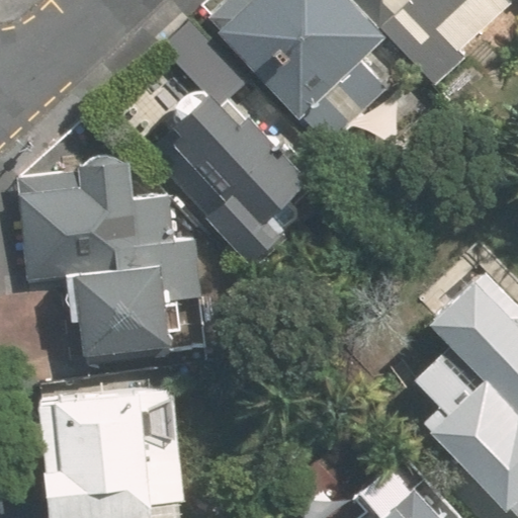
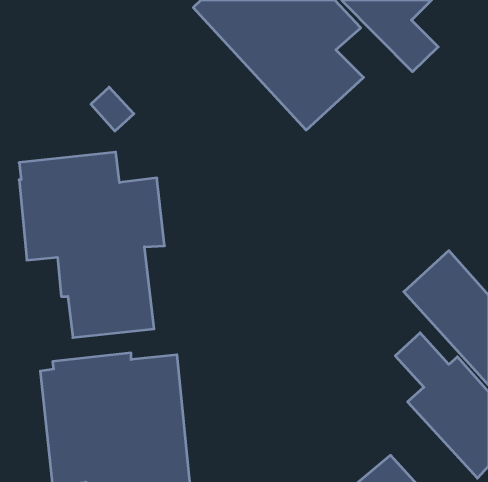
building: [151,30,303,263] -> none

